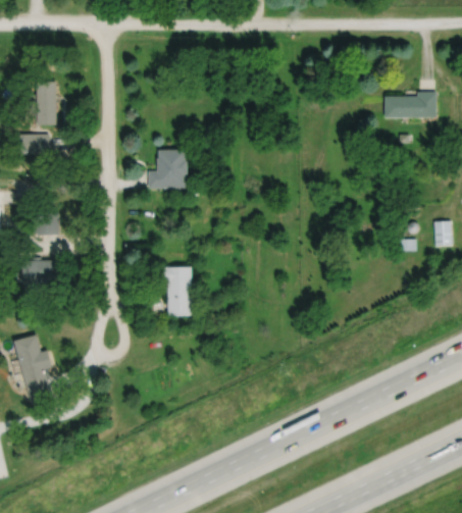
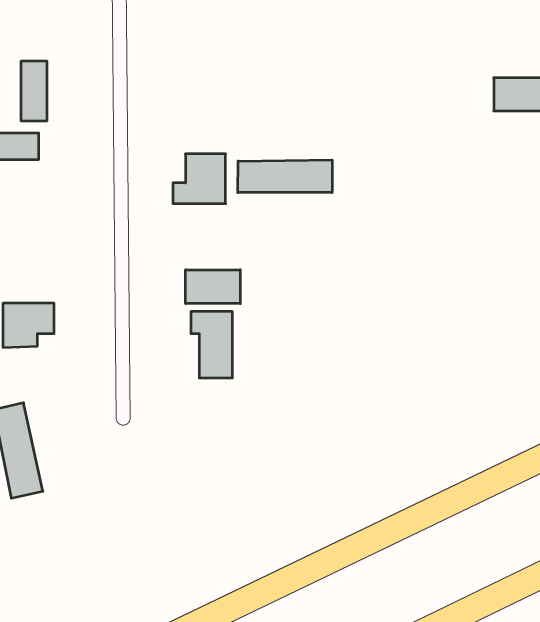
building: none -> [238,160,332,193]
building: [35,213,60,234] -> none
building: none -> [186,270,240,304]

